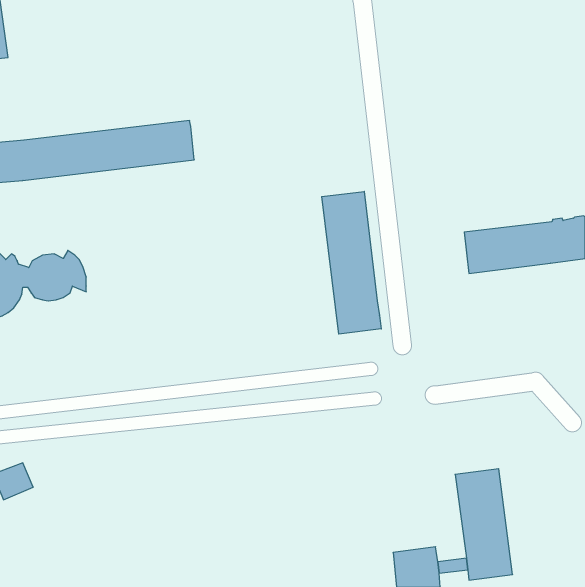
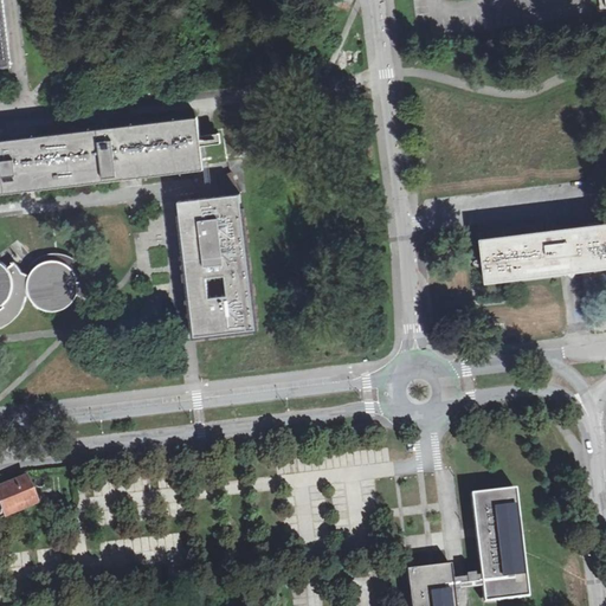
building: none -> [176,193,254,335]
building: [322,191,381,334] -> none

